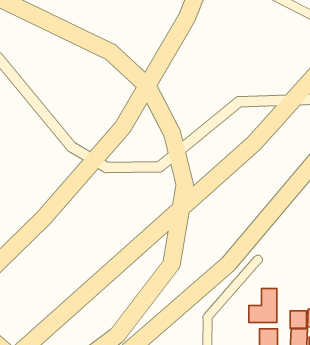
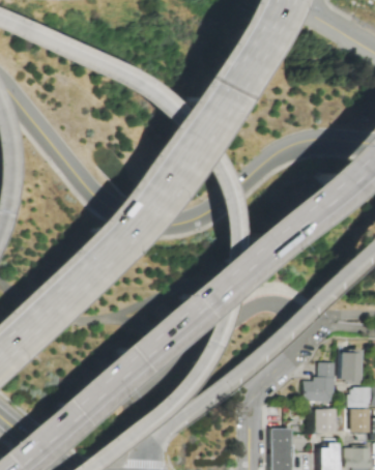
building: none -> [340,350,360,383]

